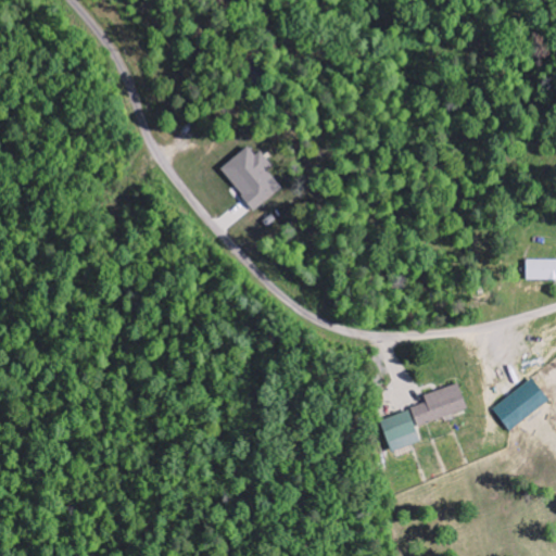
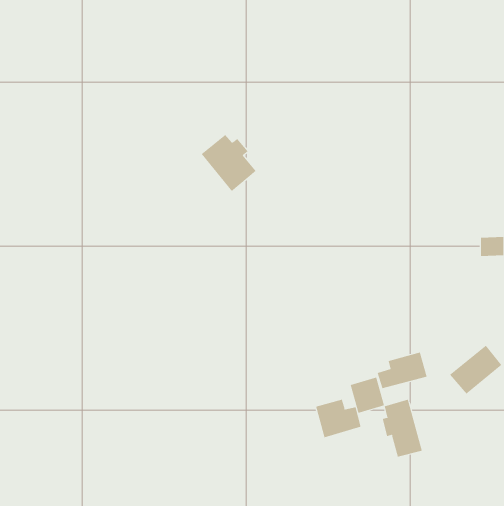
building: none -> [382,399,423,457]
building: none -> [315,399,361,438]

